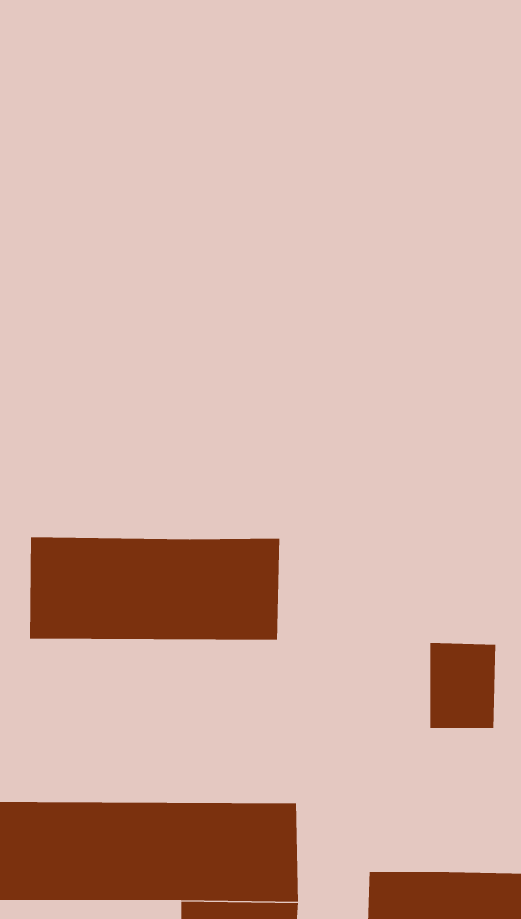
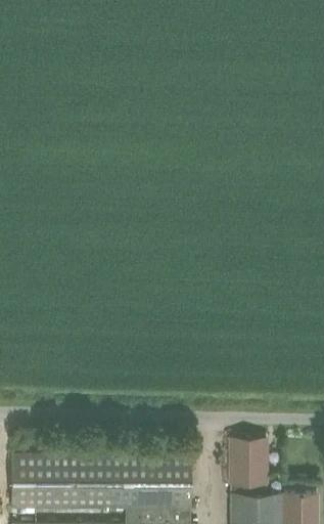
building: [29,537,280,641] -> none
building: [430,642,496,729] -> [229,440,266,488]

